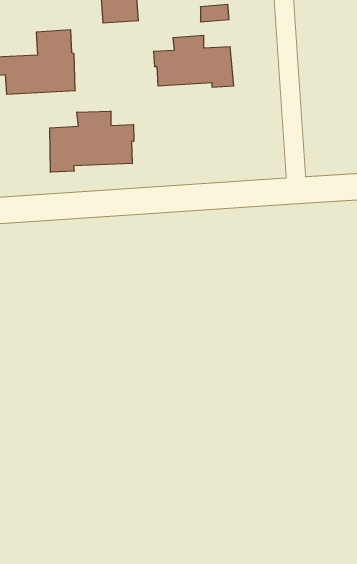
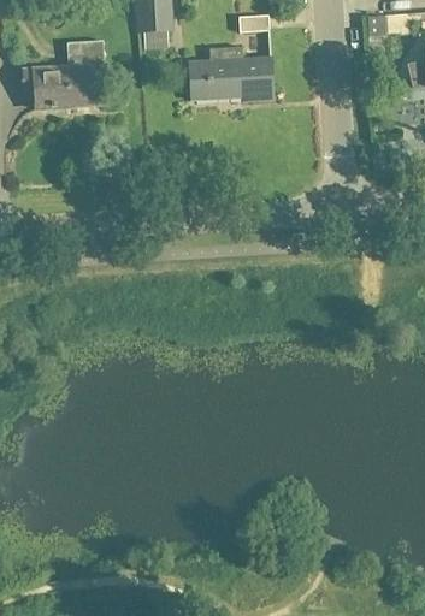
building: [50,111,134,172] -> none

